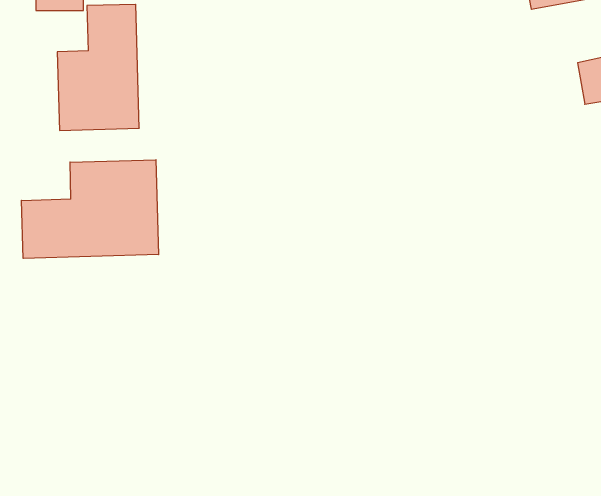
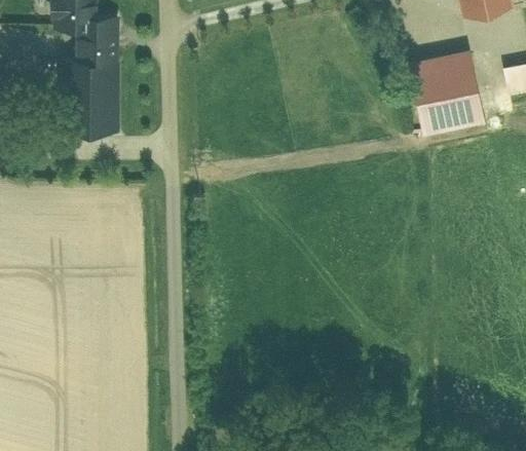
building: none -> [410,46,486,126]
building: [21,160,159,258] -> none

